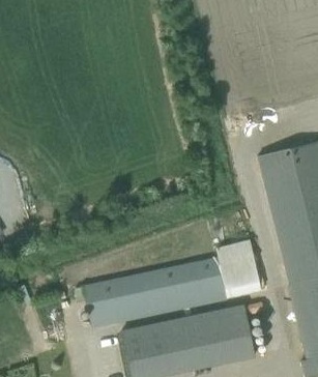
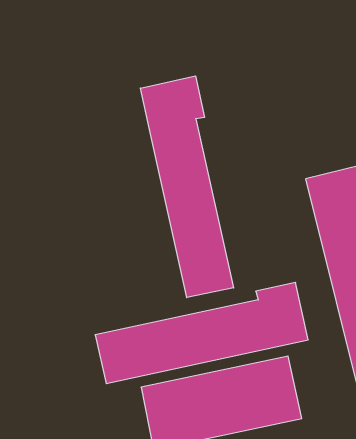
building: none -> [140,76,234,298]

